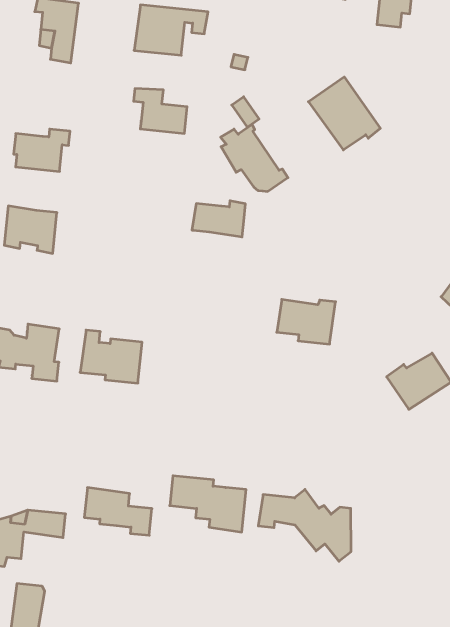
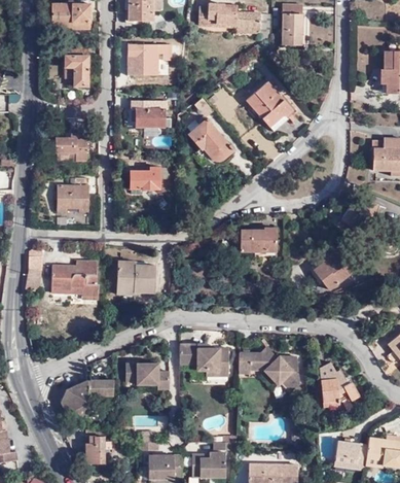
building: [192,201,245,237] -> [125,169,158,192]
building: none -> [319,368,360,412]

